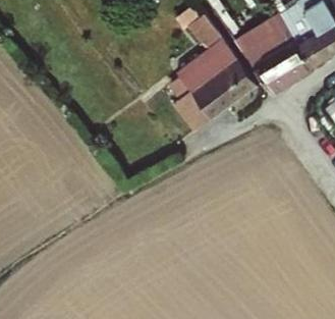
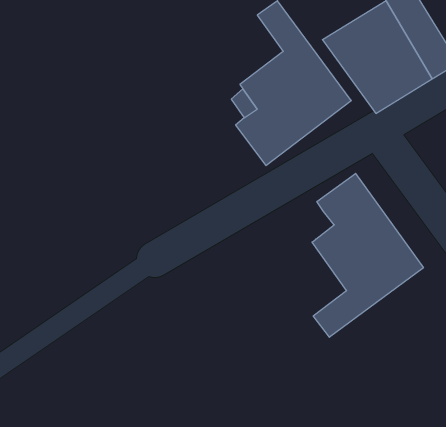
building: none -> [312,173,423,337]

